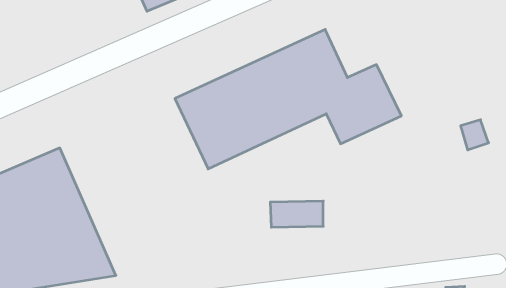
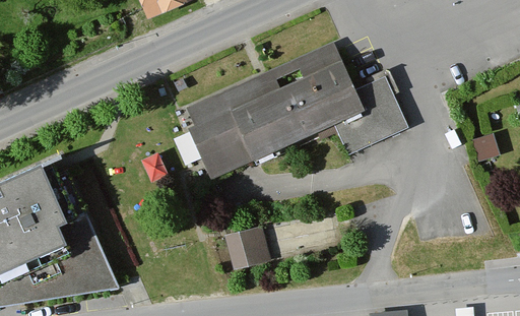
building: none -> [221,227,270,268]

